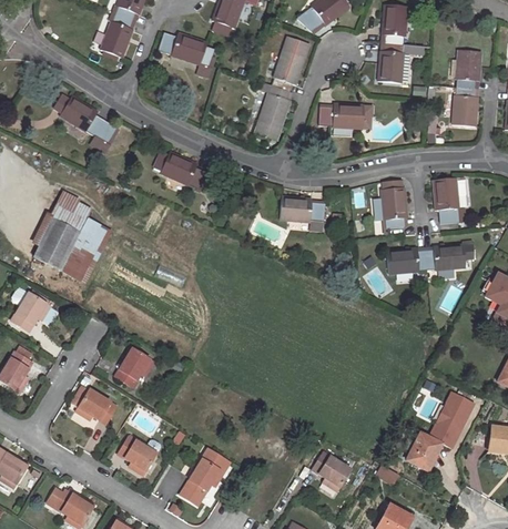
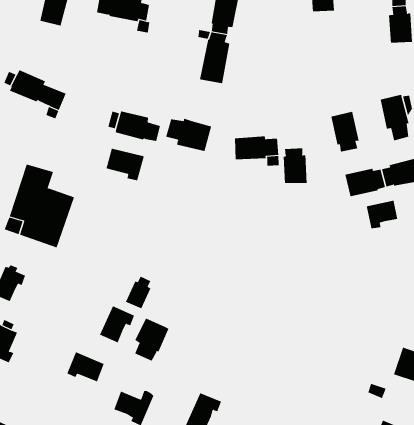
building: [318,103,372,128] -> none
building: none -> [165,118,212,152]
building: none -> [106,148,144,181]
building: none -> [283,148,307,184]
building: none -> [366,200,398,229]
building: none -> [125,276,151,309]
building: none -> [135,318,169,361]
building: [312,451,349,489] -> none

